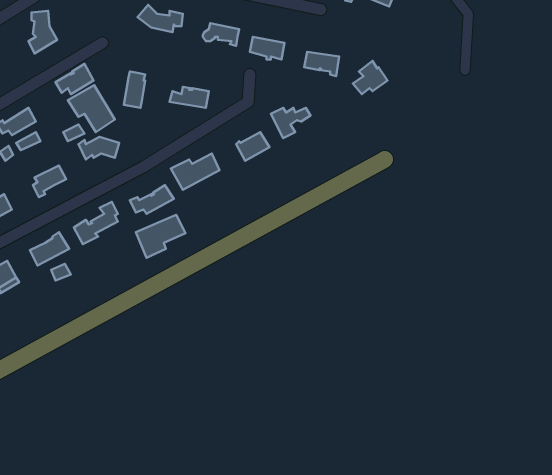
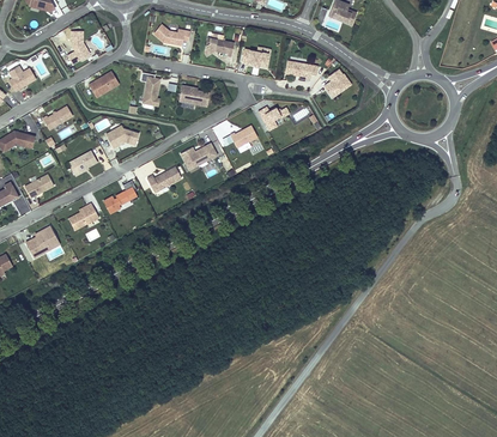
building: [68,85,115,132] -> none
building: [136,215,186,258] -> none

